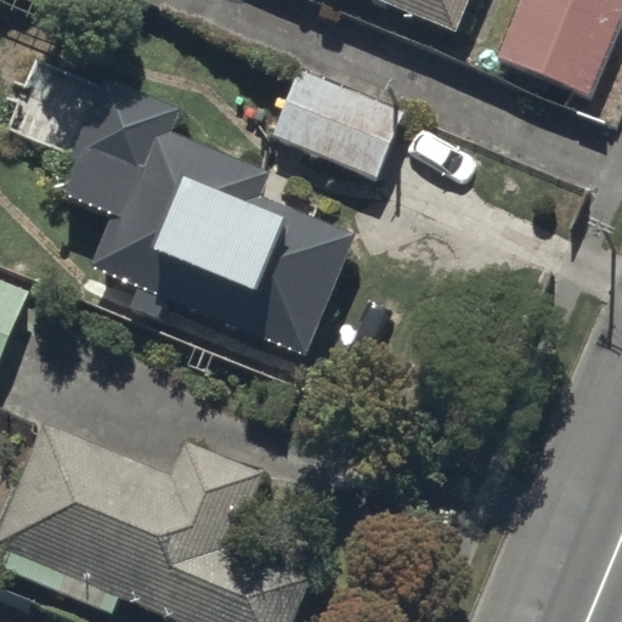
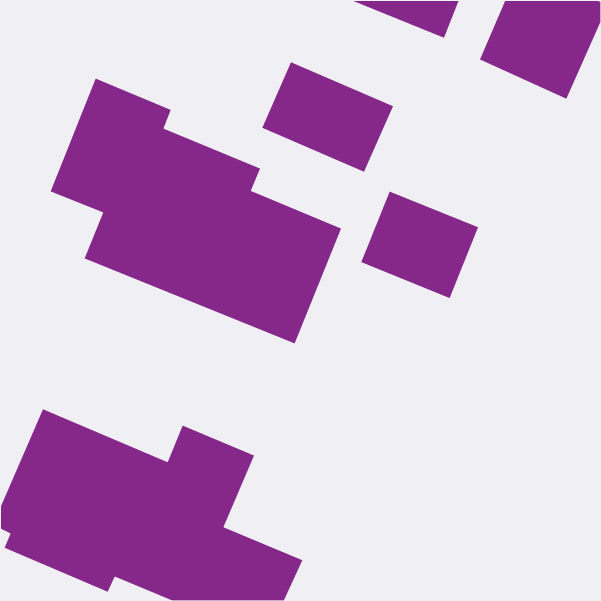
building: none -> [360,190,479,299]

